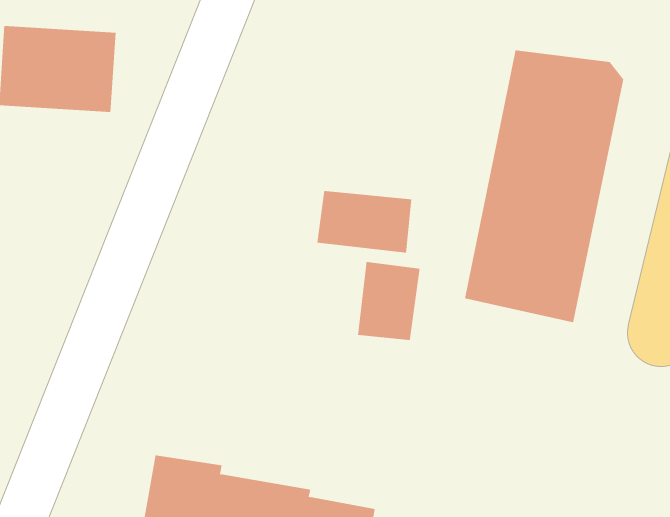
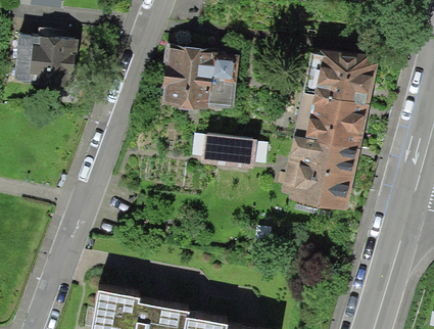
building: none -> [160,48,235,109]
building: [358,261,420,341] -> none

